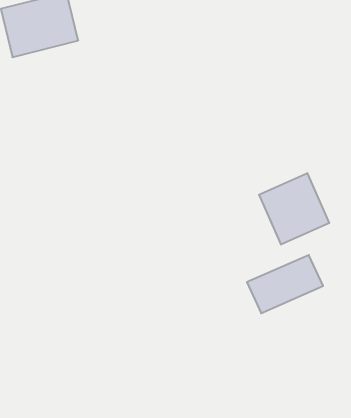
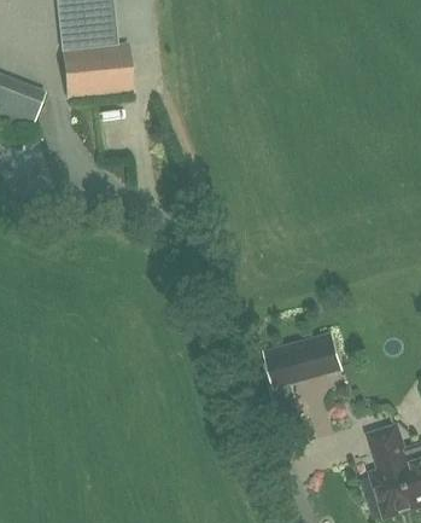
building: [259,173,329,245] -> none

